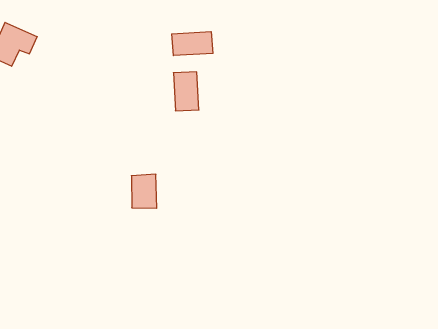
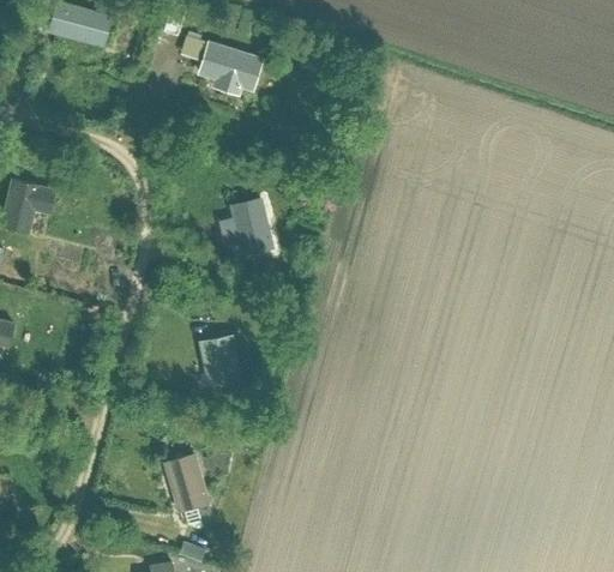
building: [172,32,213,56] -> none
building: none -> [164,454,213,526]

